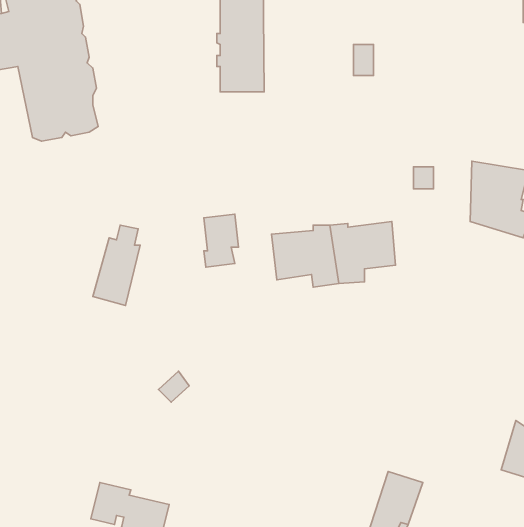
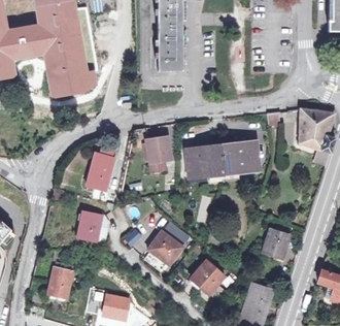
building: none -> [76,213,102,242]
building: none -> [149,222,190,263]
building: none -> [263,228,291,258]
building: none -> [190,260,226,294]
building: none -> [49,263,73,297]

